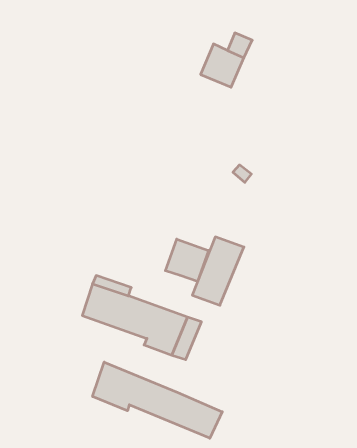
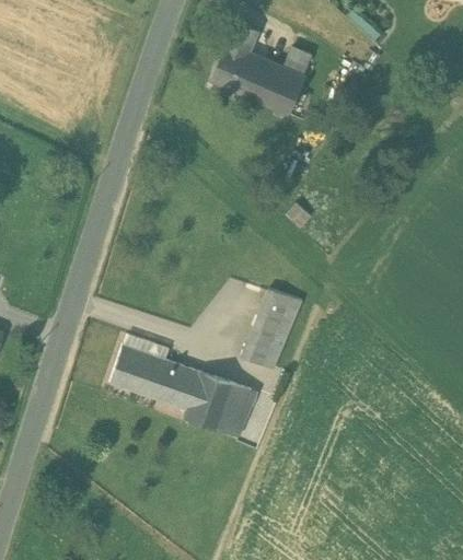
building: none -> [212,25,266,98]
building: [165,239,208,281] -> none
building: [93,362,222,438] -> none

